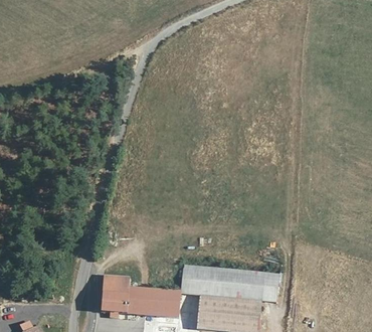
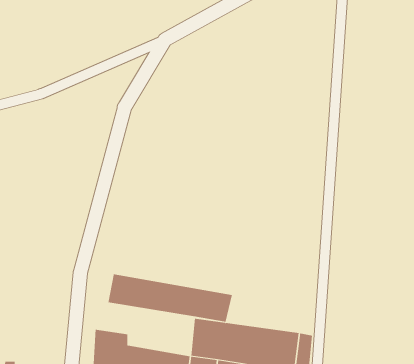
building: none -> [108,274,232,323]

